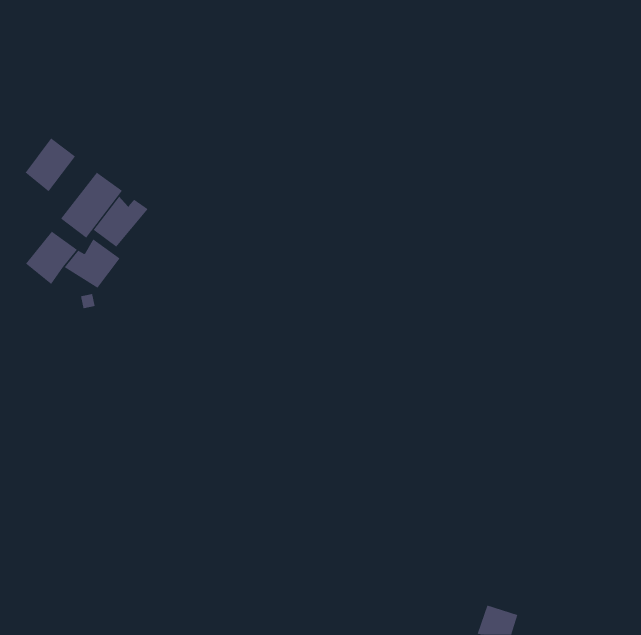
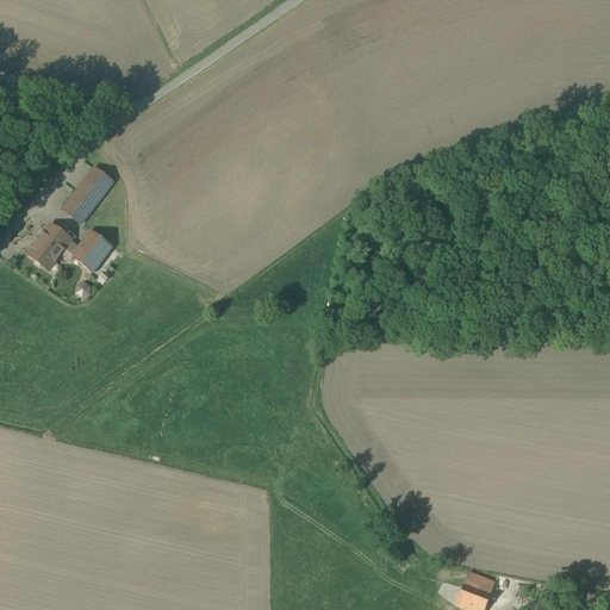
building: [25,137,76,192] -> none
building: [93,196,149,248] -> none

